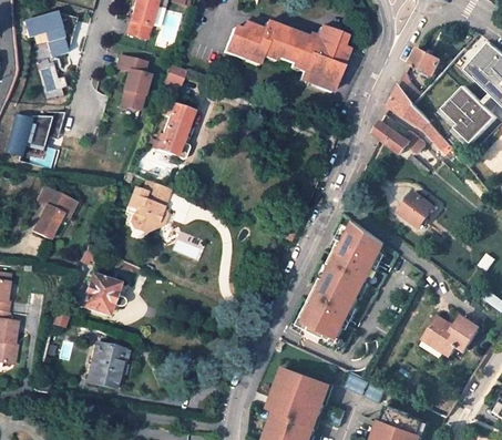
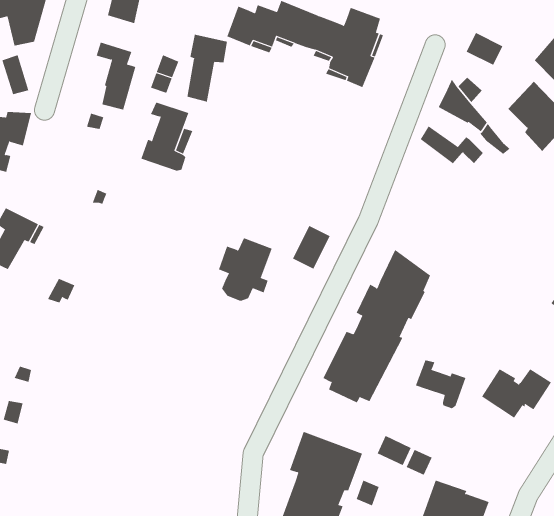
building: none -> [187,34,227,102]
building: [127,178,171,229] -> [218,237,273,301]
building: [400,190,434,226] -> none
building: none -> [292,225,330,270]
building: [81,276,125,315] -> none
building: none -> [415,359,466,409]
building: [88,344,126,386] -> none

